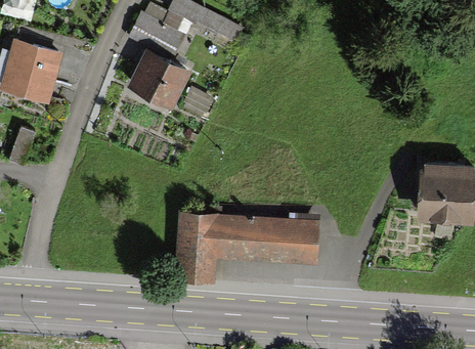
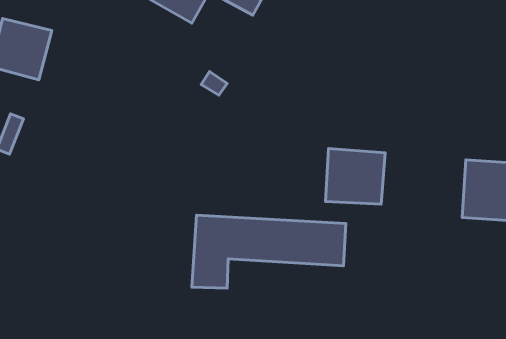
building: [134,52,187,101] -> none
building: none -> [326,148,385,204]

